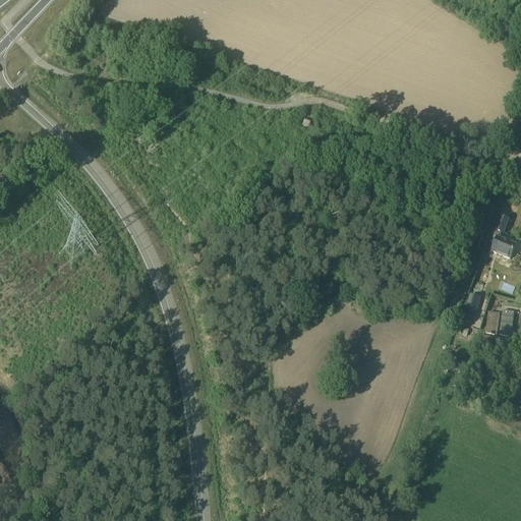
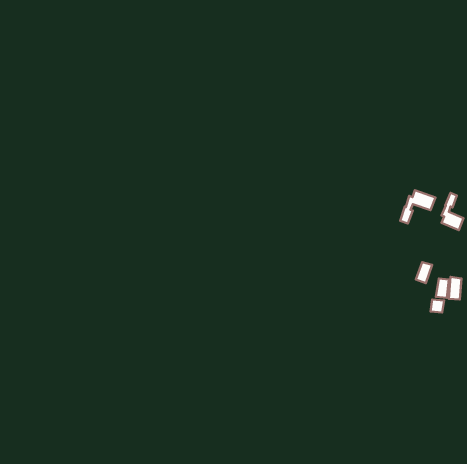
building: none -> [400,190,435,223]

